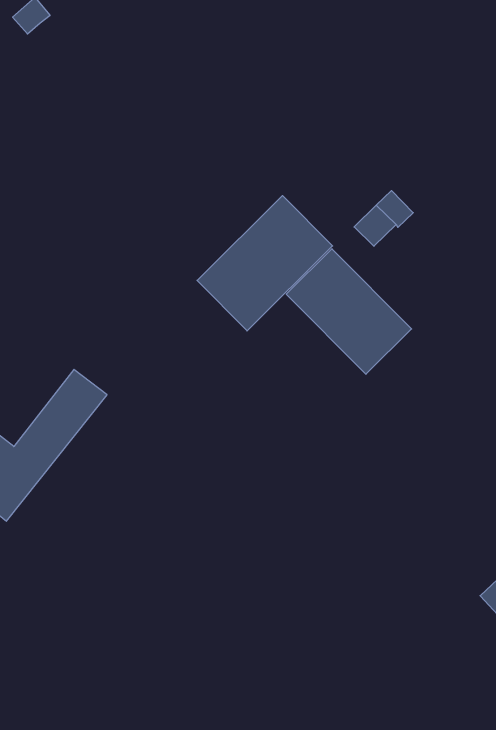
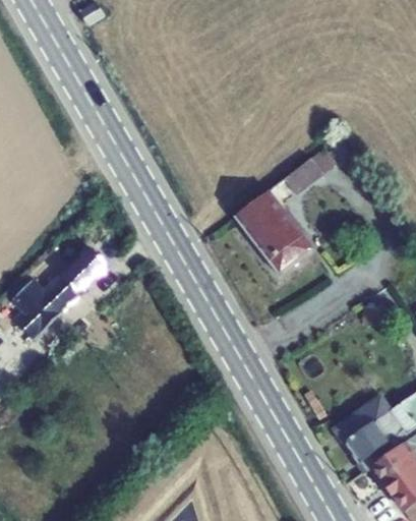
building: [197,196,333,331] -> none

